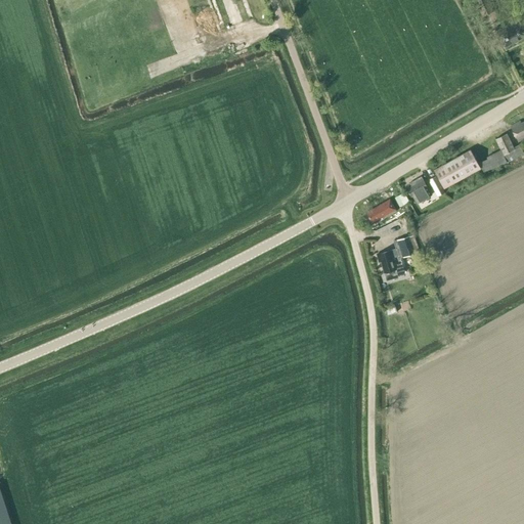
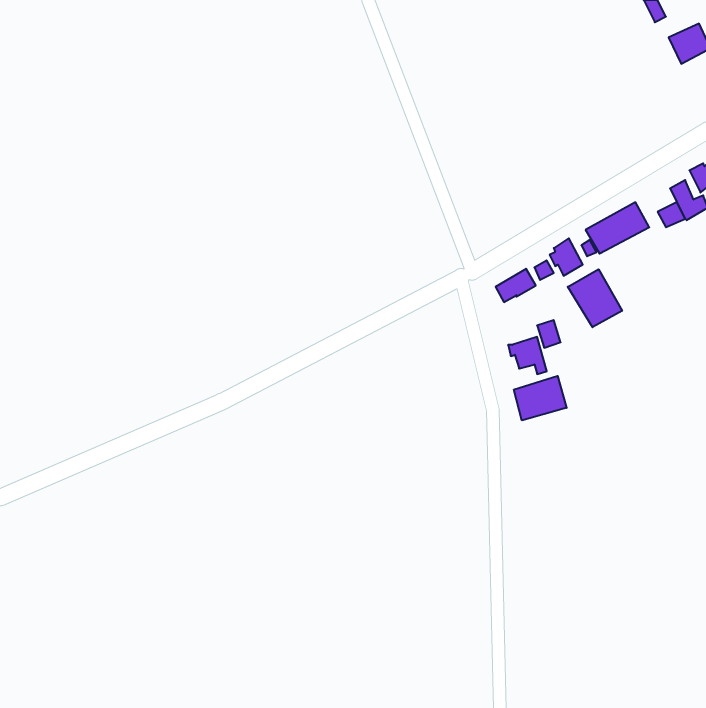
building: none -> [568,269,622,327]
building: none -> [514,376,567,420]

